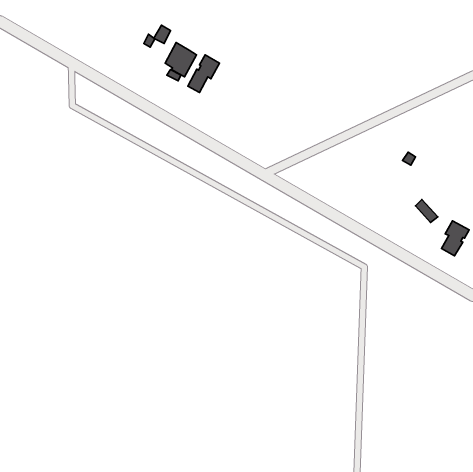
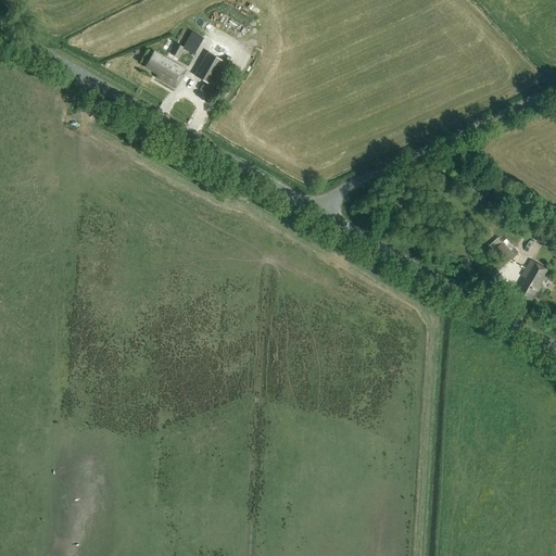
building: none -> [144,51,184,86]
building: [188,55,219,92] -> none

